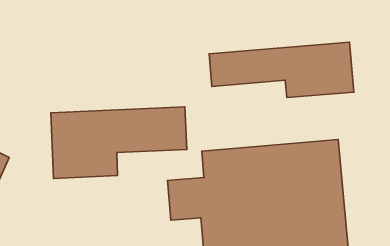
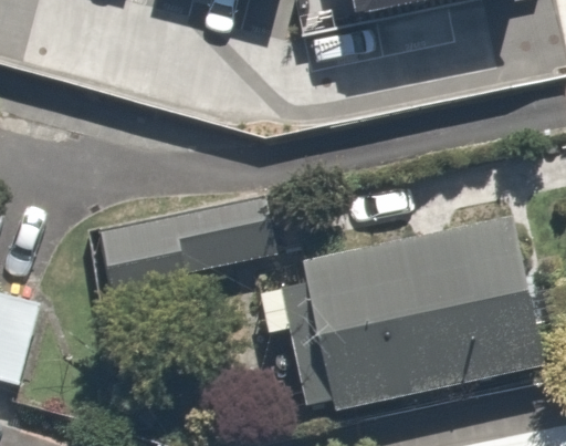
building: [209,42,354,98] -> none

